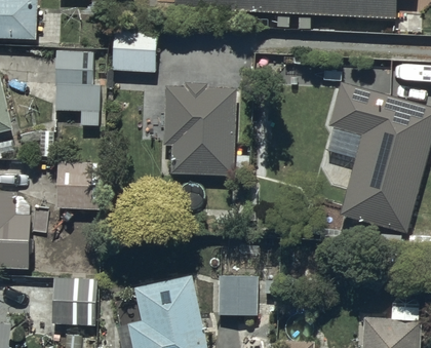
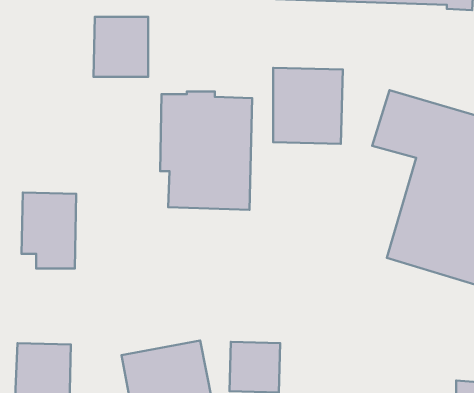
building: [55,49,100,125] -> none
building: none -> [273,68,343,144]

